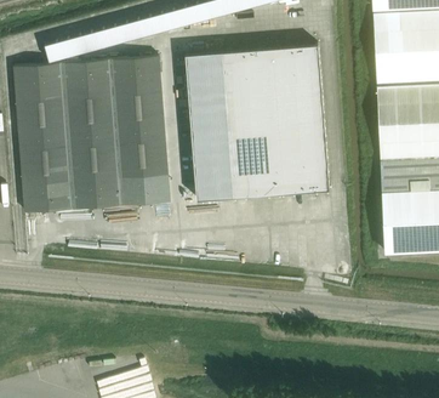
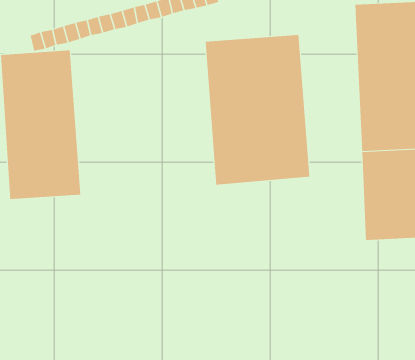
building: [186,52,233,200] -> none
building: [86,56,170,207] -> none

